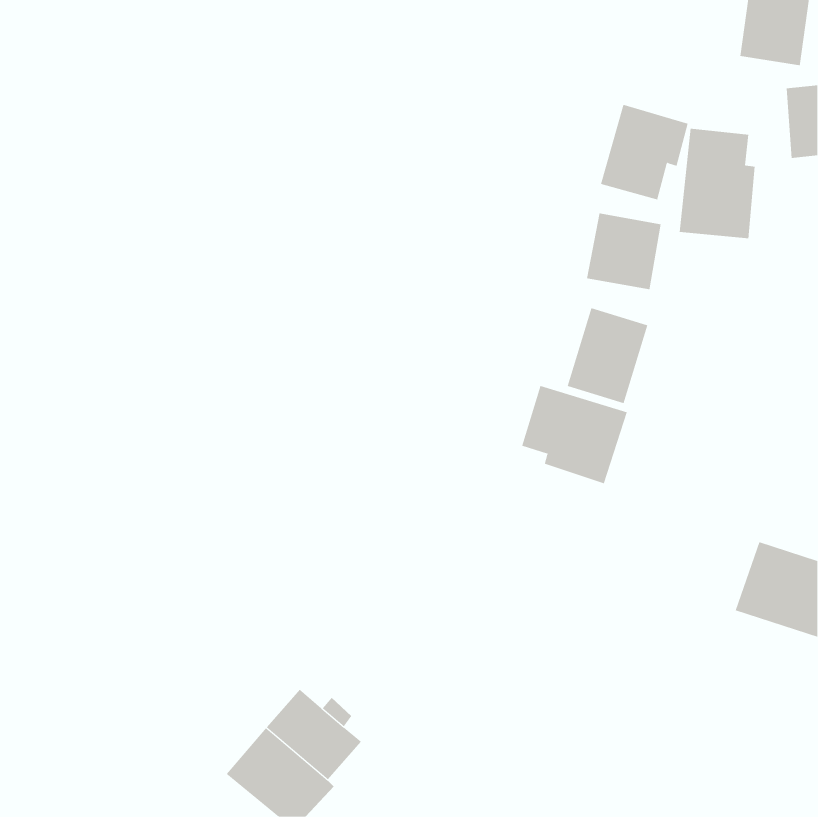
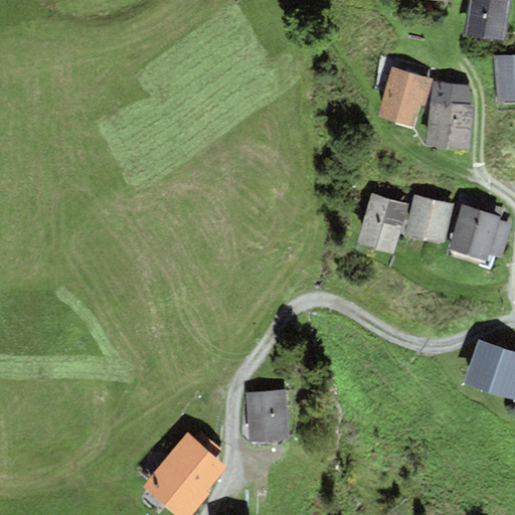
building: [586,213,661,290] -> [405,195,453,243]
building: none -> [450,205,510,259]
building: [521,385,627,484] -> none
building: none -> [246,388,289,442]

